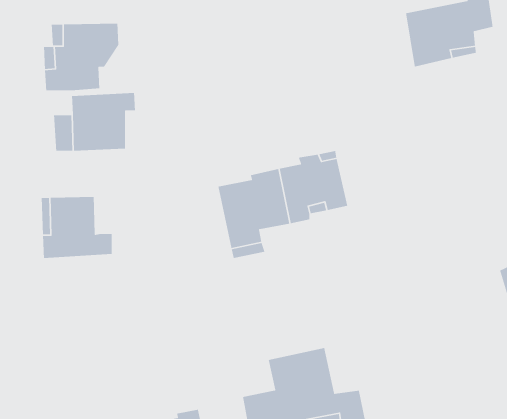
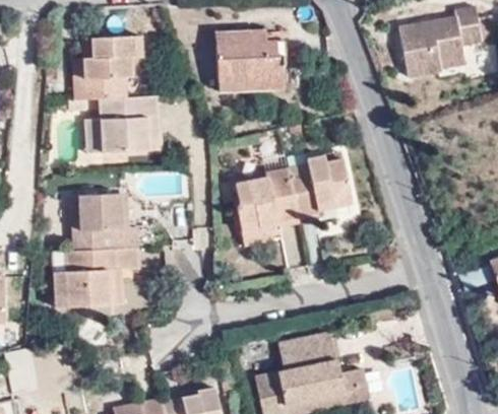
building: none -> [217,33,282,94]
building: none -> [53,247,138,306]

